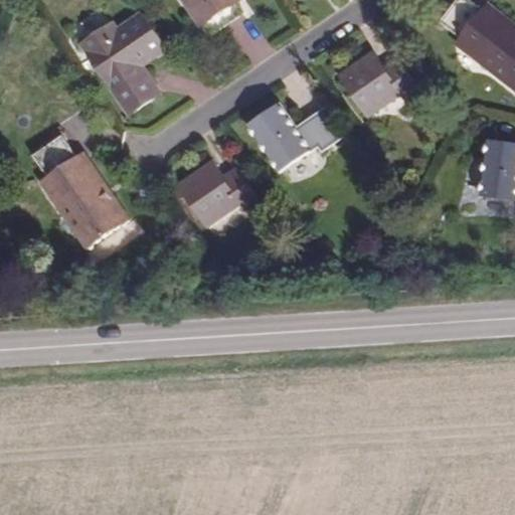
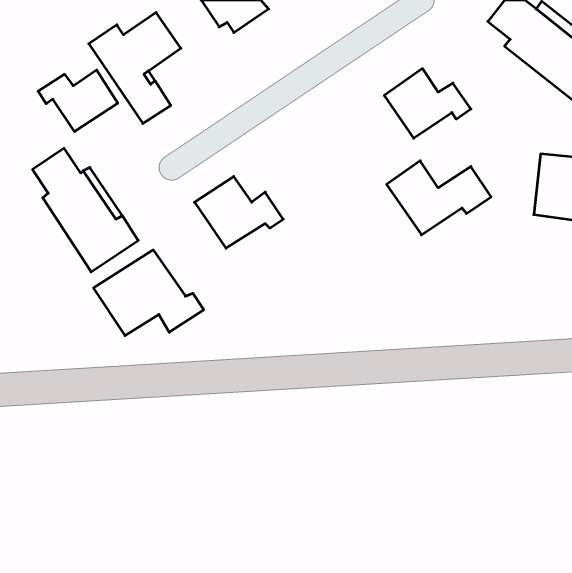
building: none -> [38,70,118,132]
building: [247,104,341,170] -> [387,161,491,235]
building: none -> [94,250,204,336]

